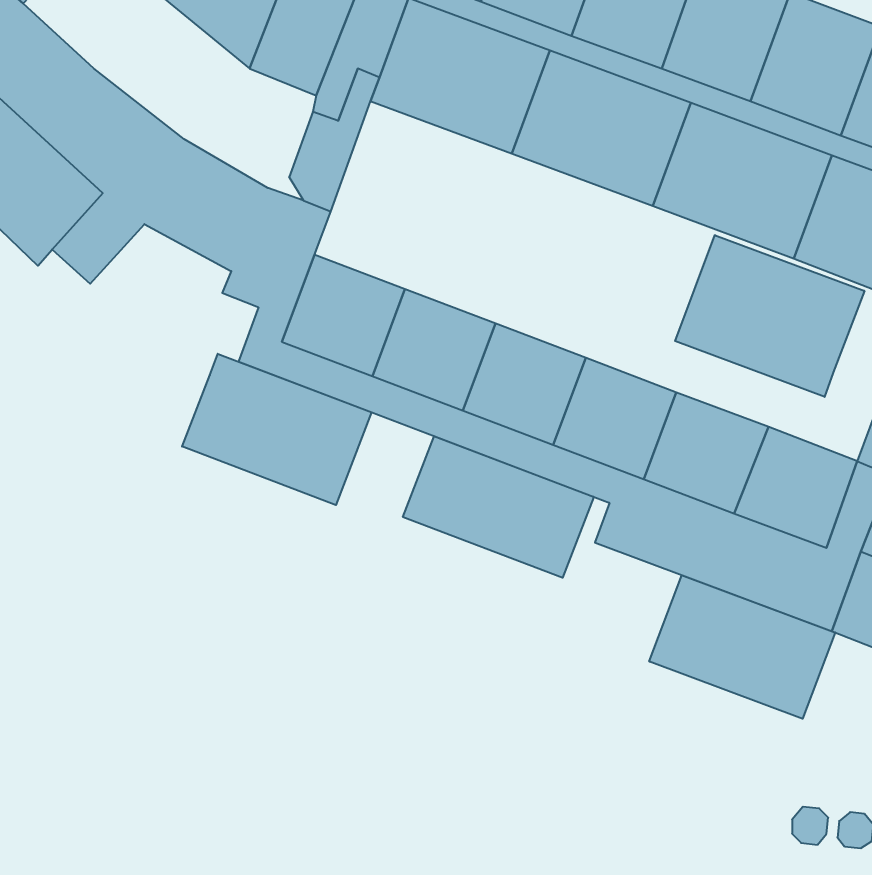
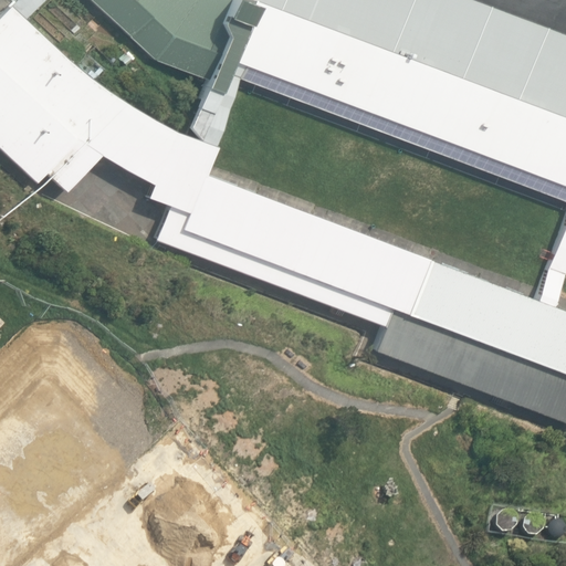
building: [675,235,864,397] -> none
building: [182,354,372,505] -> none
building: [403,436,594,578] -> none
building: [649,575,835,719] -> none

